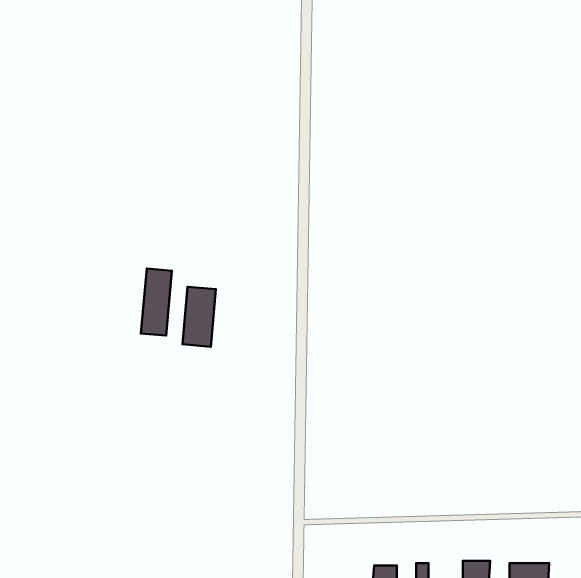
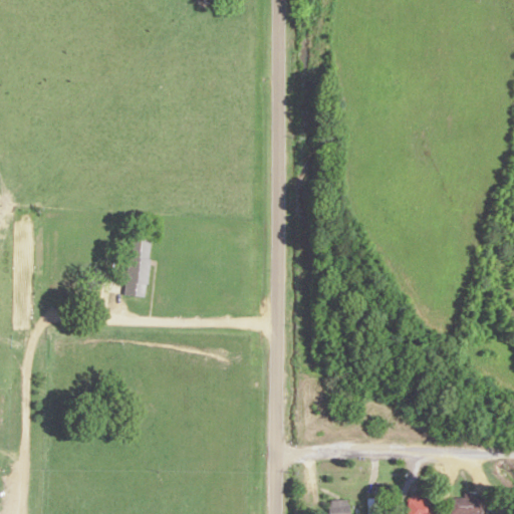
building: [182,287,216,347] -> none

